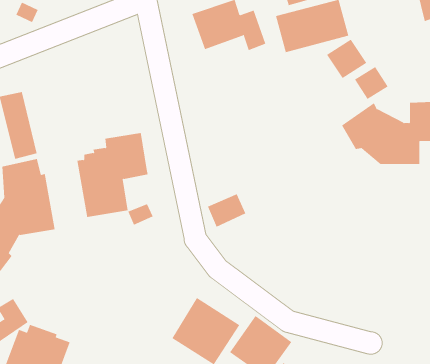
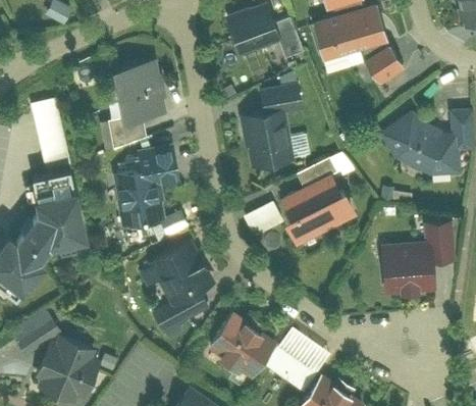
building: none -> [99,58,169,153]
building: [354,66,389,100] -> none
building: none -> [240,86,304,168]
building: none -> [280,159,359,246]
building: none -> [382,222,456,296]
building: none -> [150,241,216,333]

